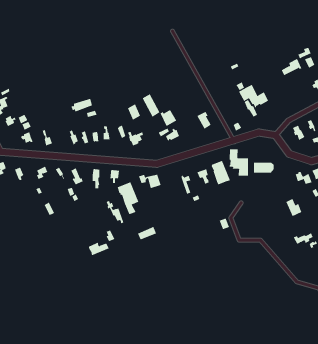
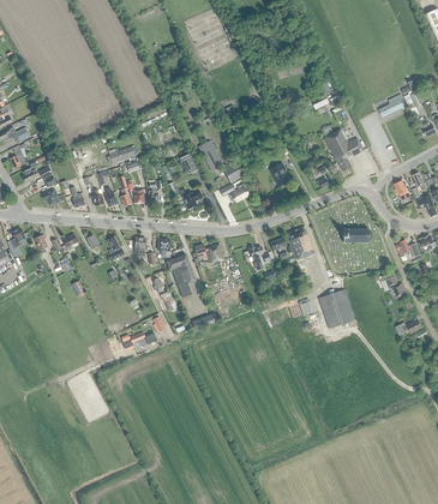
building: [229,149,249,177] -> none
building: none -> [318,288,355,328]

